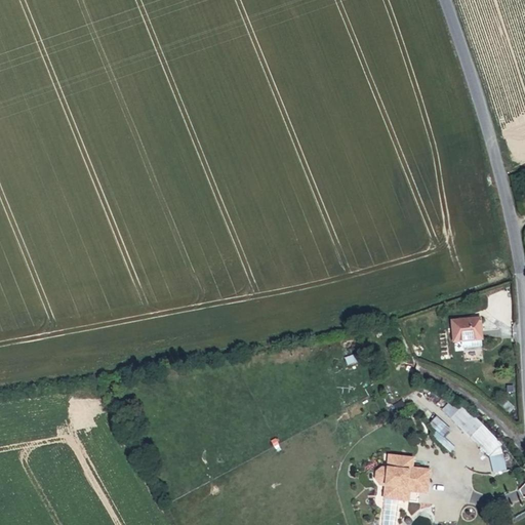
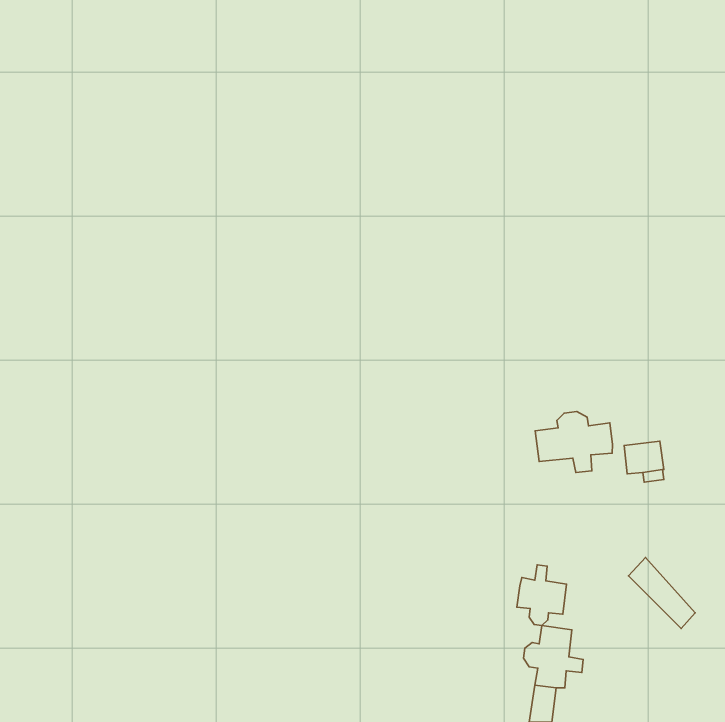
building: none -> [535,412,613,473]
building: none -> [517,565,567,626]

